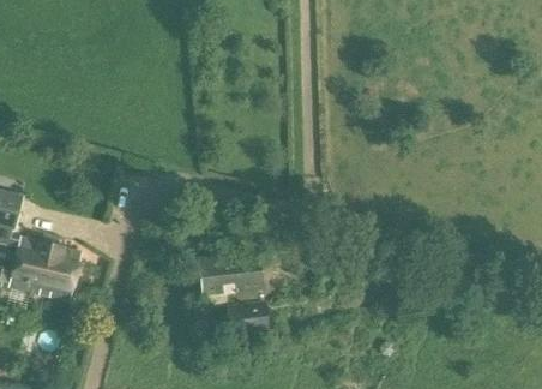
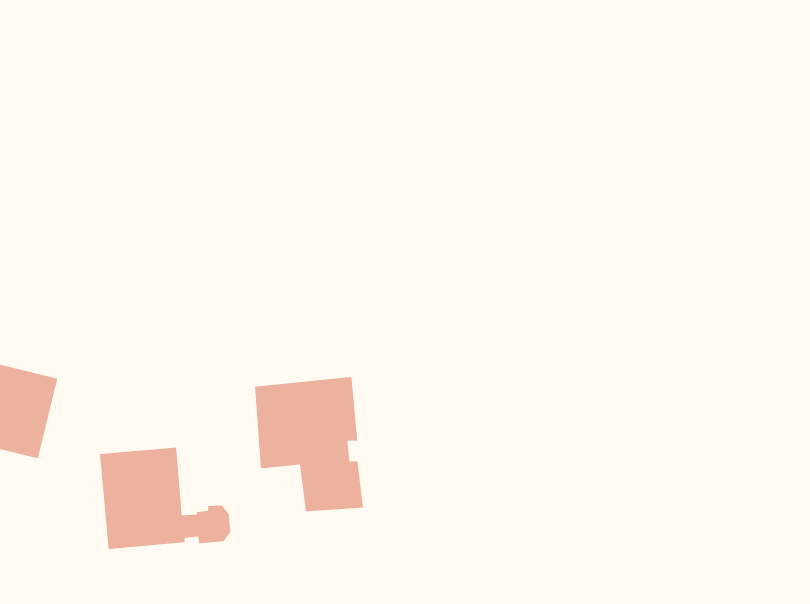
building: none -> [100,447,231,550]

